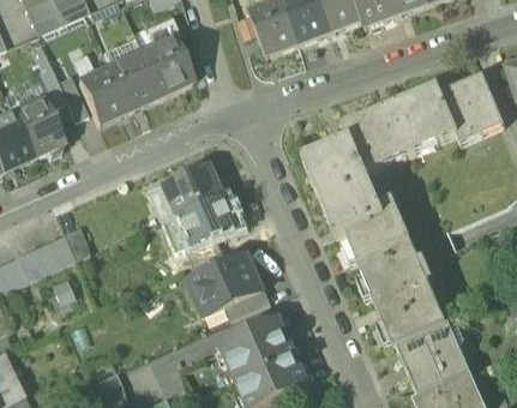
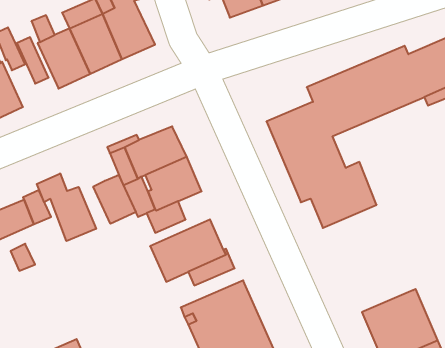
building: none -> [37,173,96,241]
building: none -> [93,175,136,224]
building: [357,240,446,347] -> none

